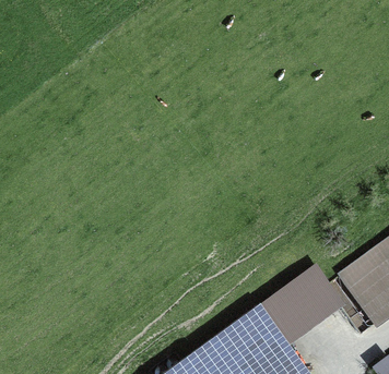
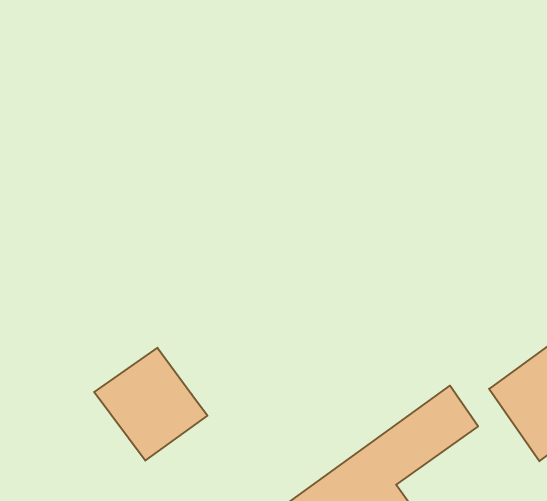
building: none -> [94,348,207,461]

